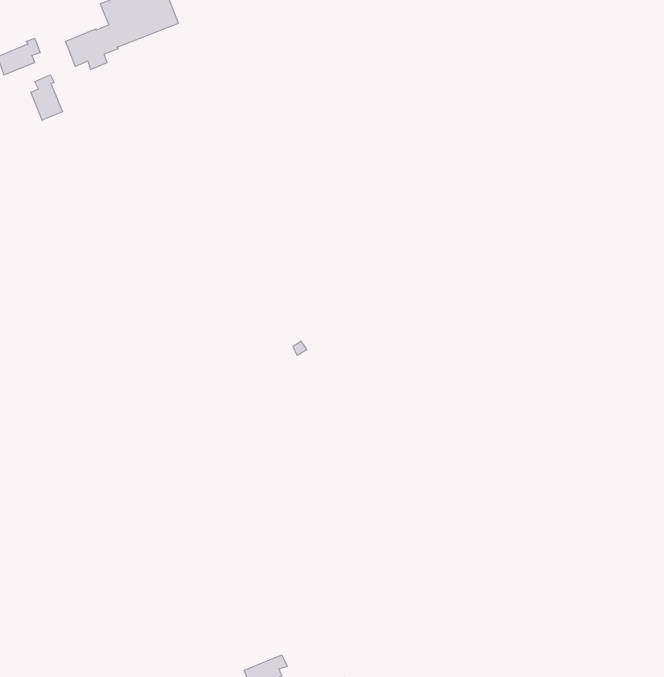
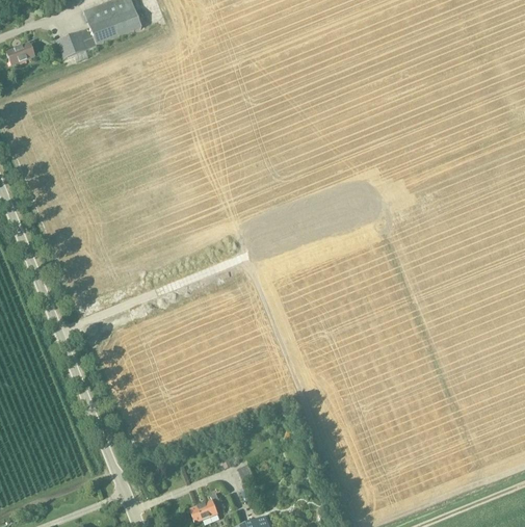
building: [31,75,62,120] -> none

